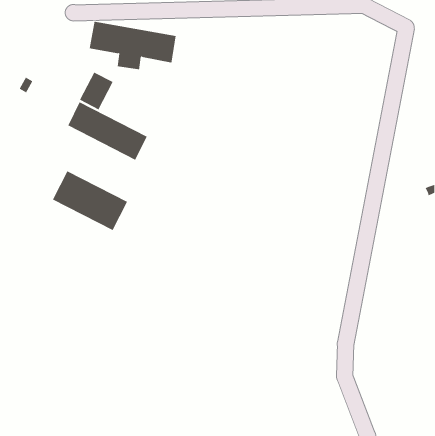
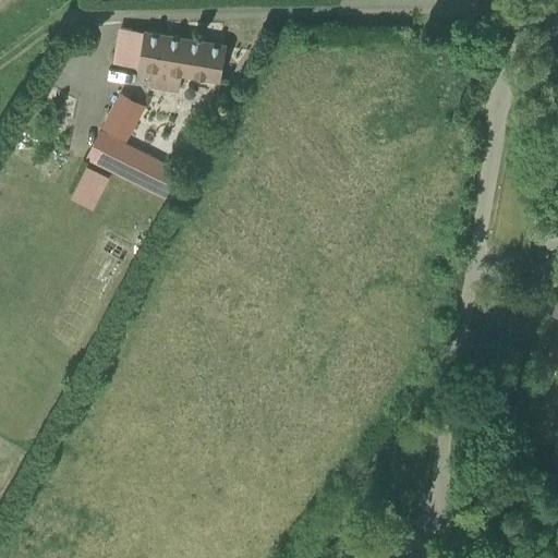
building: [52,170,128,231] -> none

